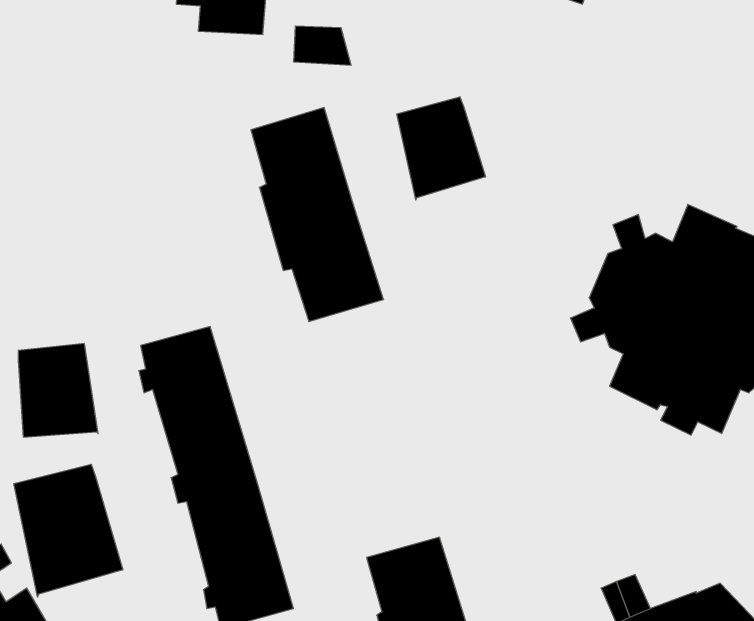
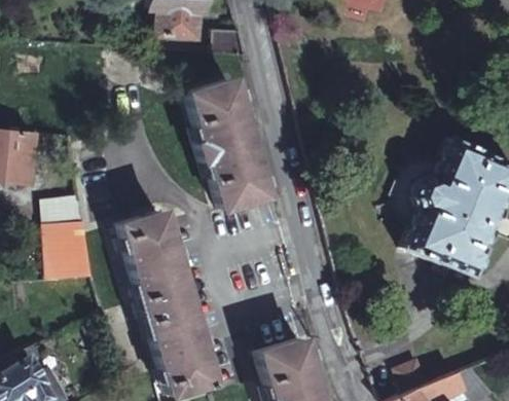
building: [397,97,485,200] -> none
building: none -> [48,198,89,227]
building: [14,464,123,597] -> none

